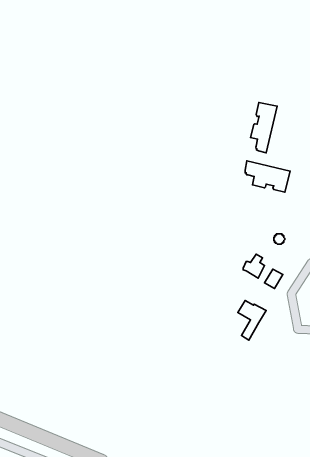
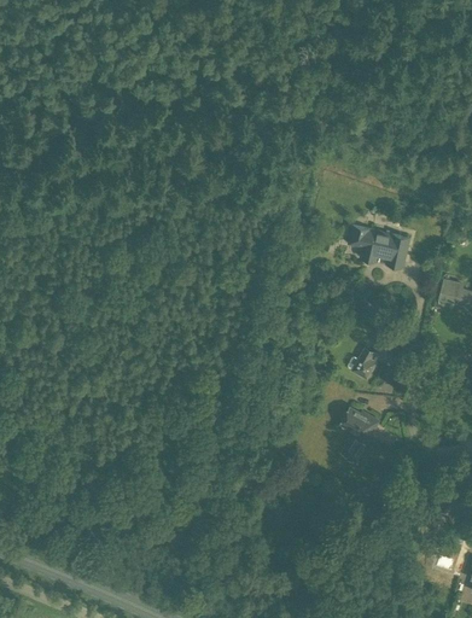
building: [251,103,277,153] -> none

